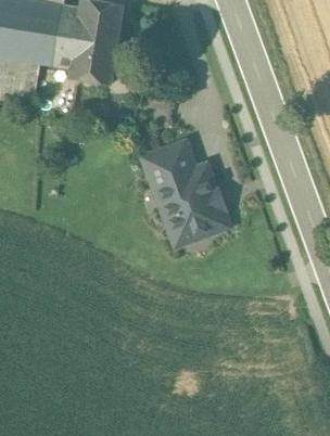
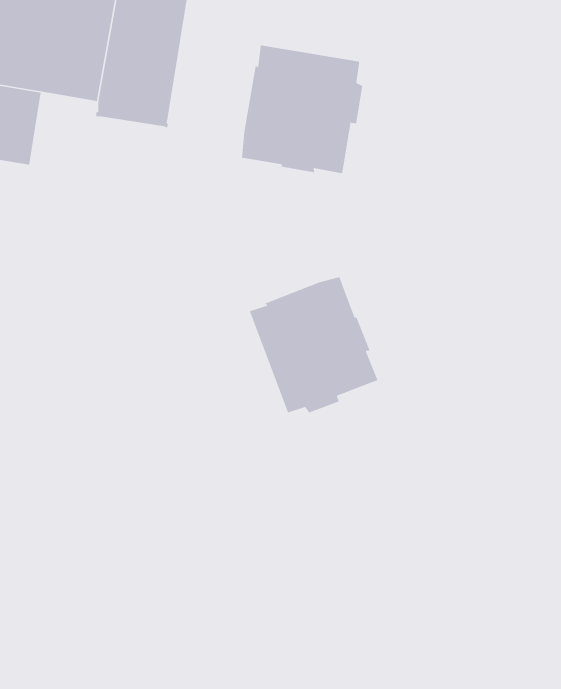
building: none -> [241,45,363,174]
building: [144,142,193,184] -> none

